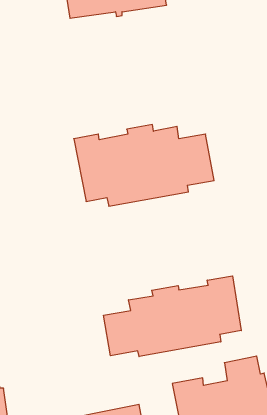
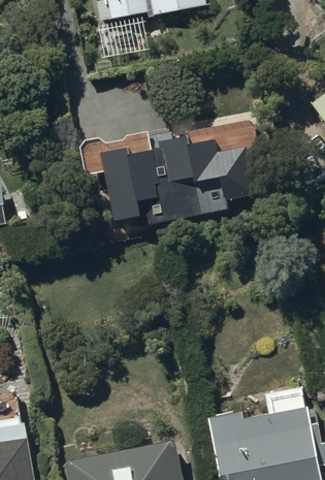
building: [104,276,241,357] -> none

